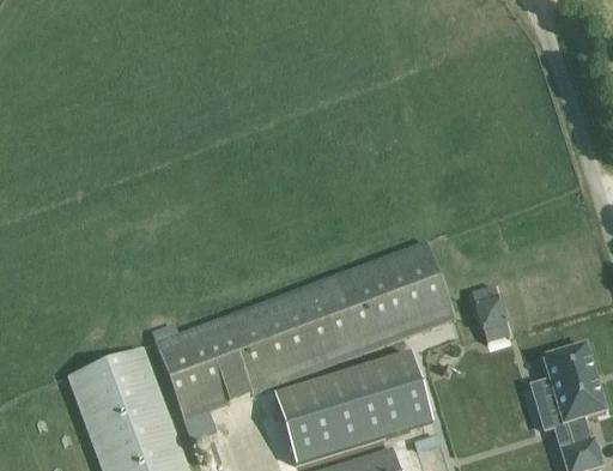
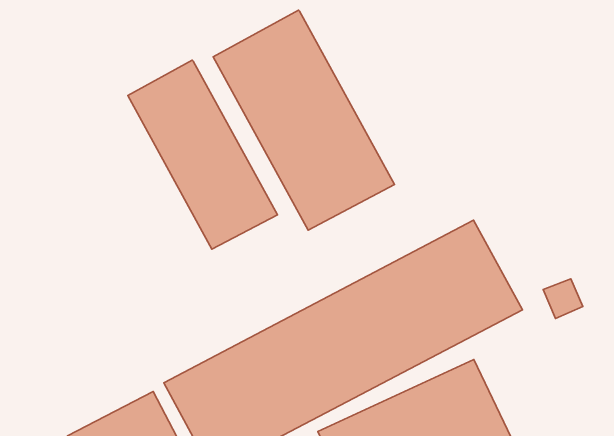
building: none -> [213,10,394,230]
building: none -> [128,60,277,249]

